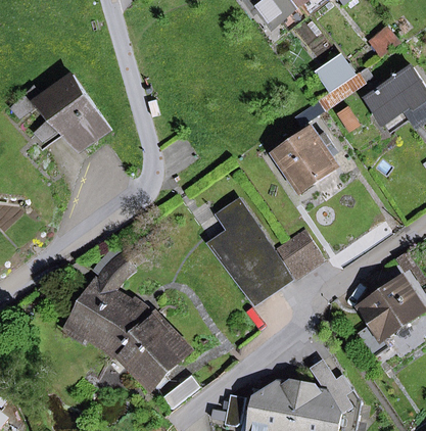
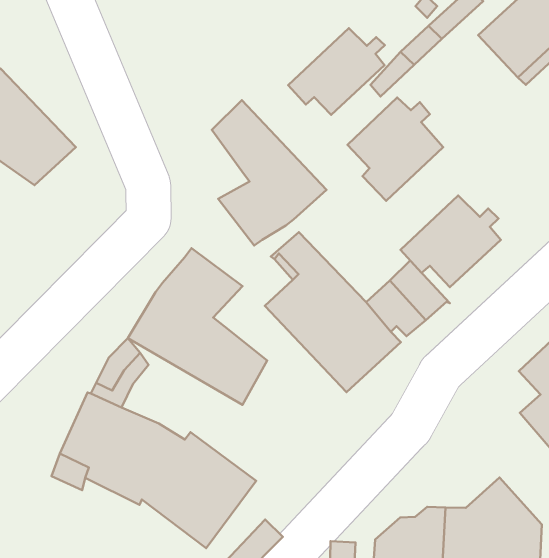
building: none -> [288,28,385,115]
building: none -> [212,100,327,246]
building: none -> [400,196,501,287]
building: none -> [128,248,267,405]

